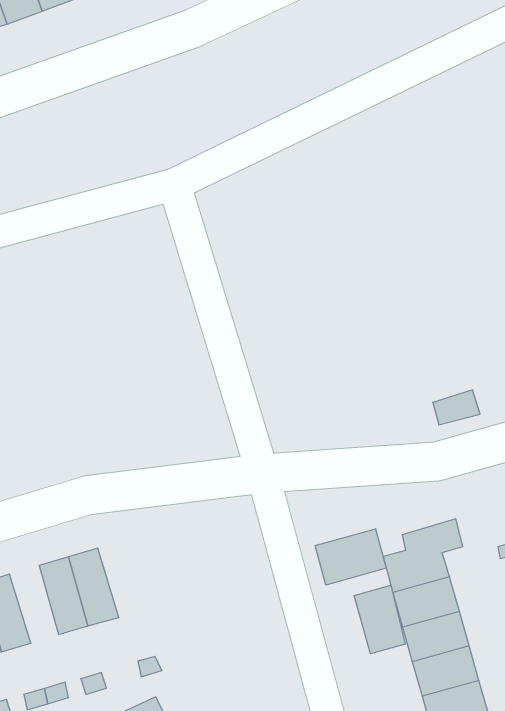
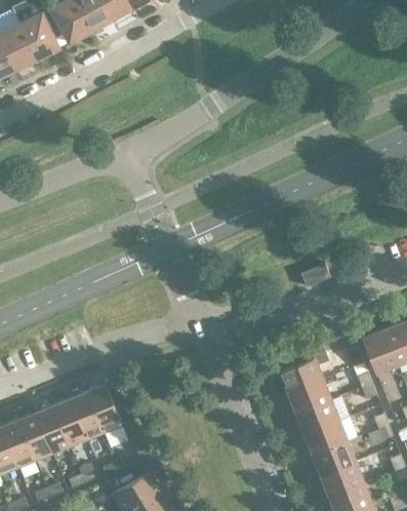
building: [315,529,386,585] -> none
building: none -> [52,399,86,447]
building: [354,585,405,654] -> none

